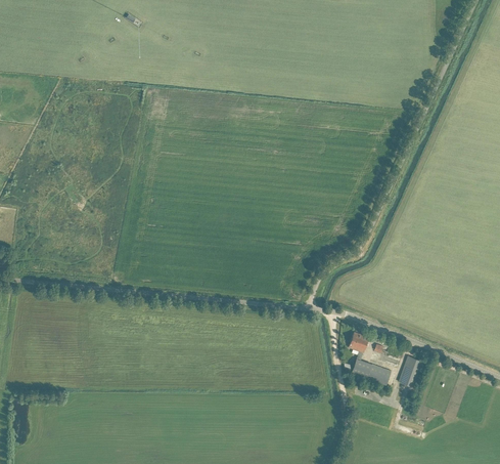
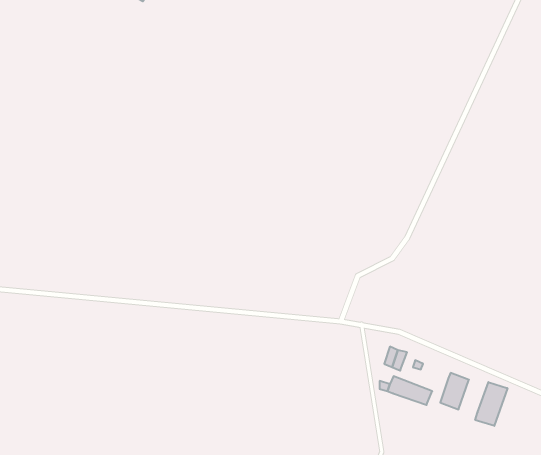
building: none -> [475,382,507,426]

